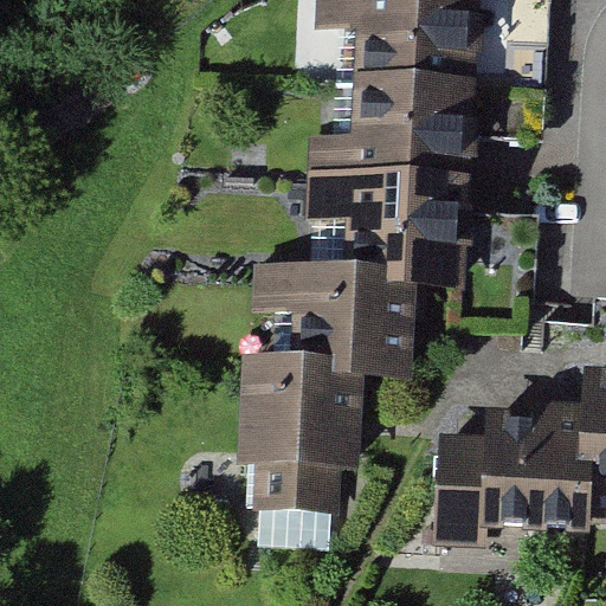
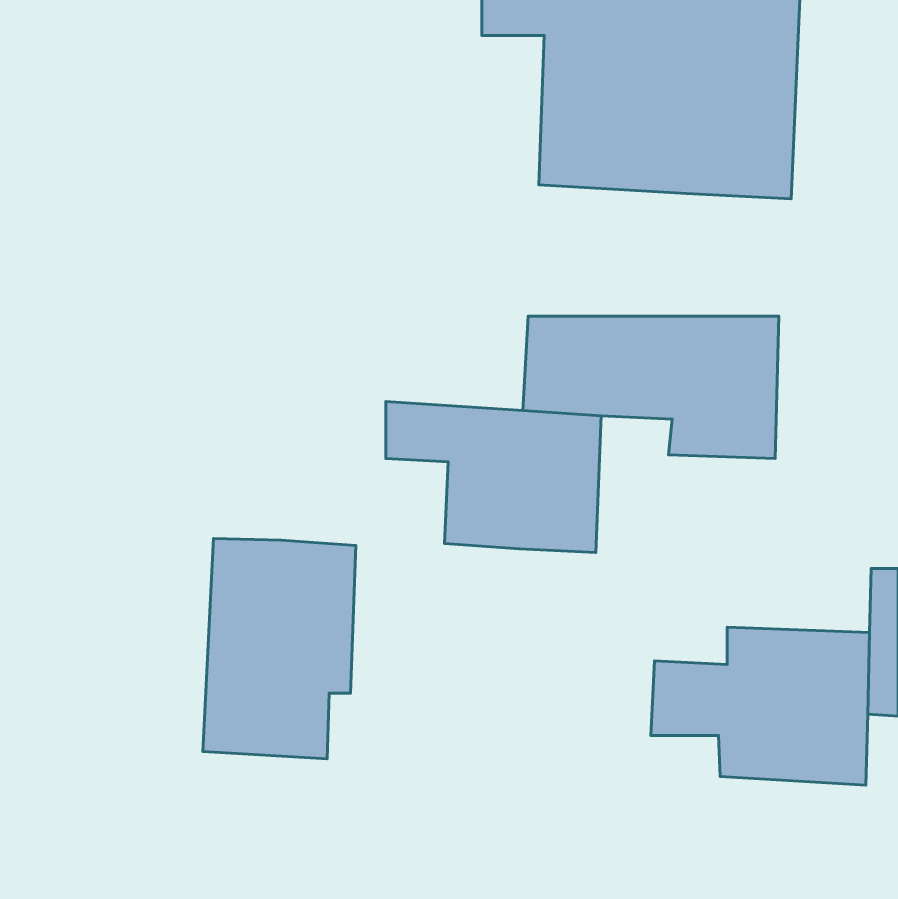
building: [309,123,457,211] -> none
building: [244,361,346,508] -> [203,538,356,759]

